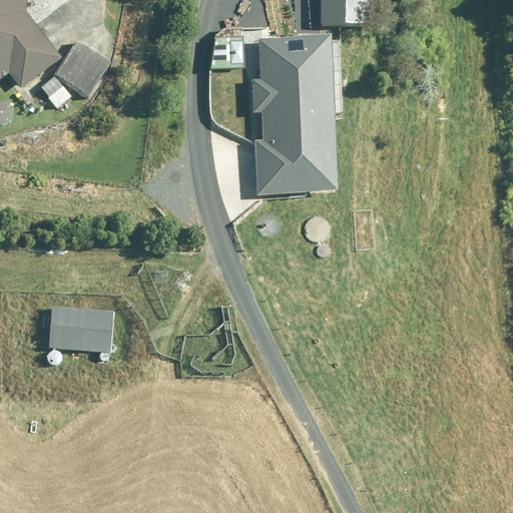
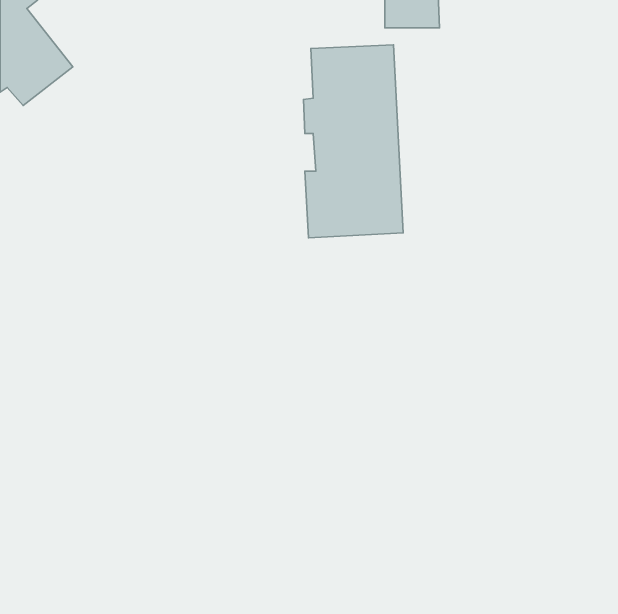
building: [56,40,111,94] -> none
building: [50,306,115,352] -> none

